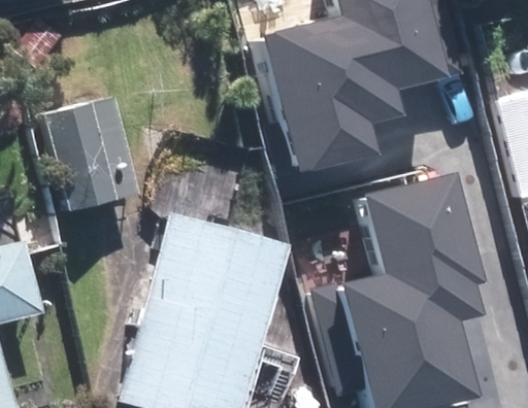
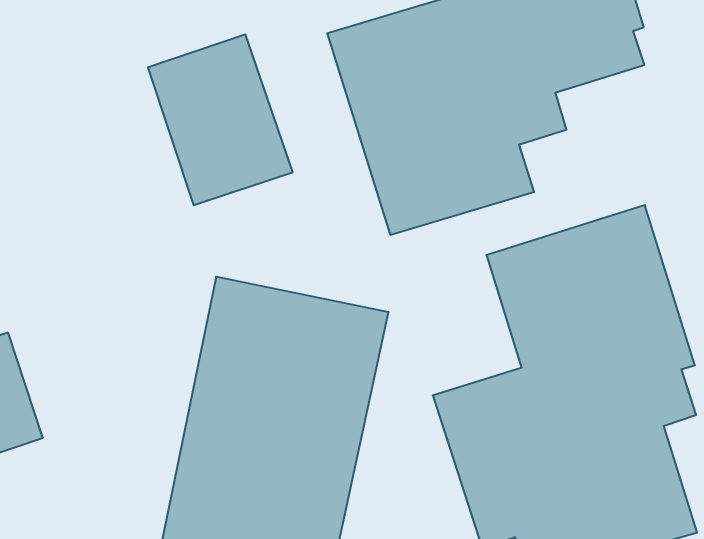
building: [43,94,138,208] -> [148,35,293,205]

